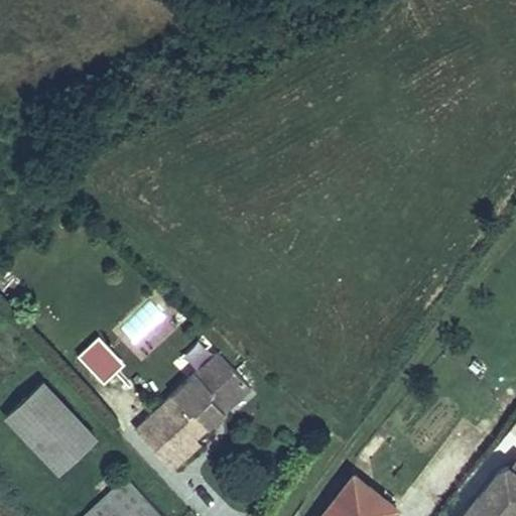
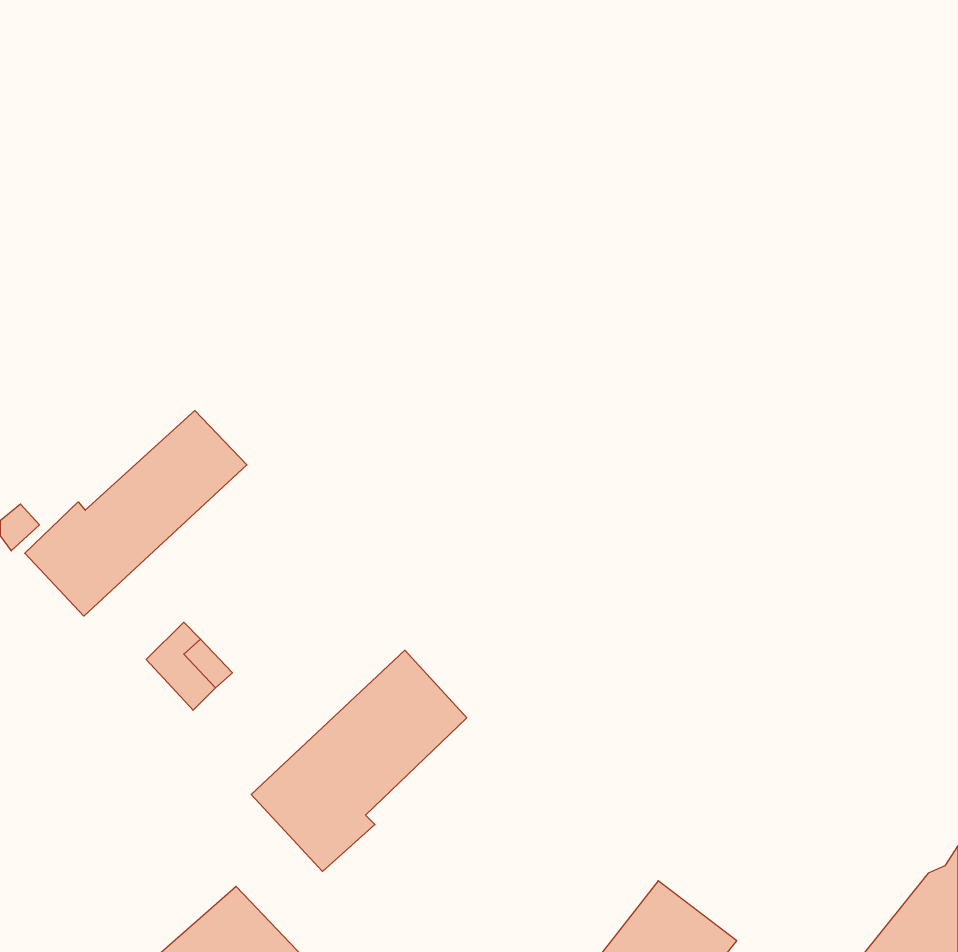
building: none -> [25,411,247,616]
building: [6,384,97,475] -> none

